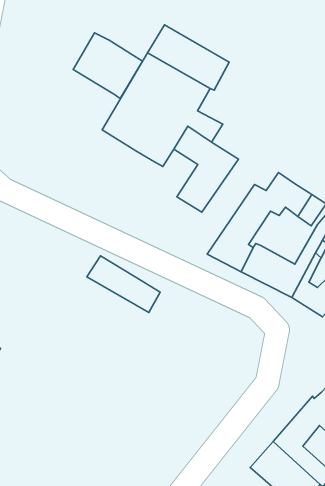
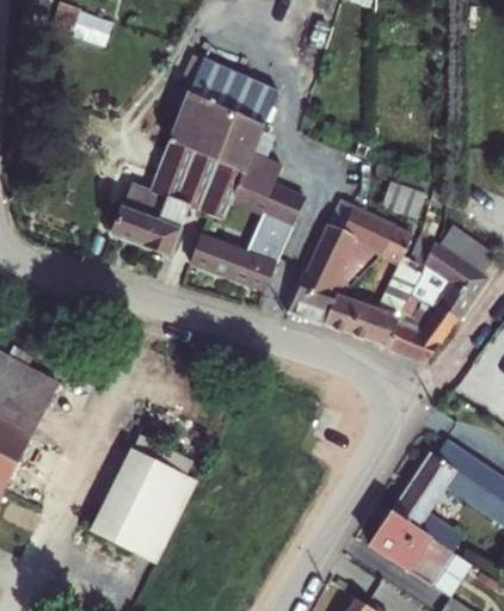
building: [73,33,143,99] -> [109,181,186,252]
building: [87,256,160,313] -> [186,233,272,289]
building: none -> [88,431,202,564]

